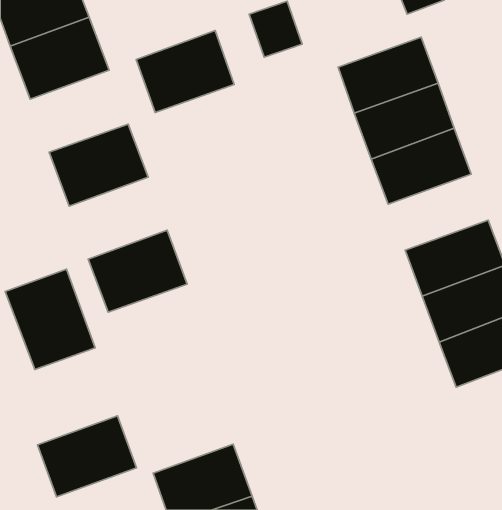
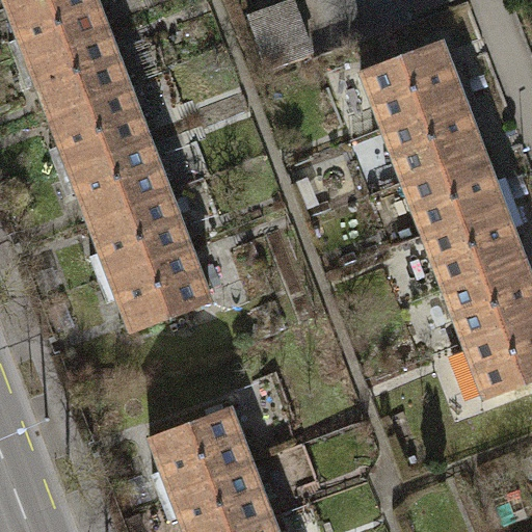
building: [136,30,234,112] -> [41,73,142,158]
building: none -> [413,181,516,260]
building: none -> [81,184,183,269]
building: [5,269,95,370] -> none
building: [38,416,137,497] -> [149,407,251,491]

